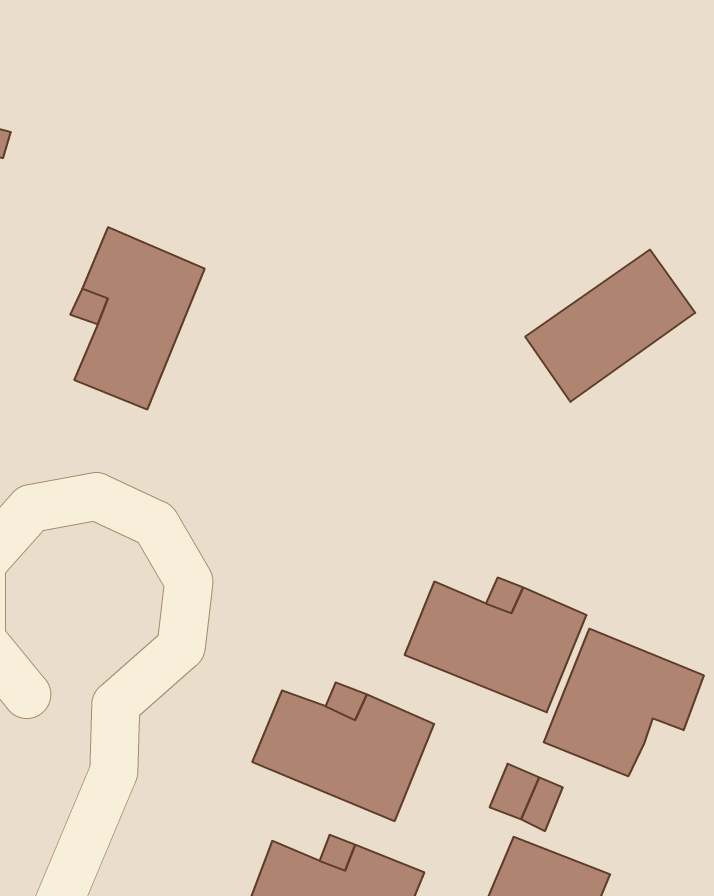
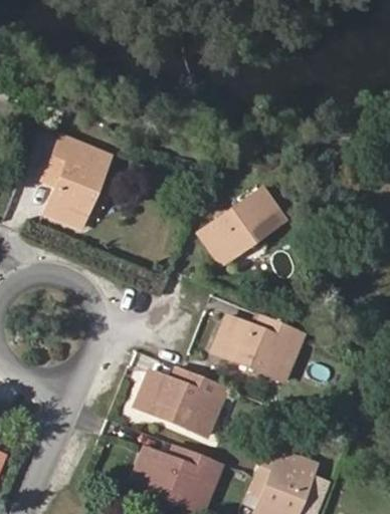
building: [525,250,695,402] -> [199,189,285,266]
building: [544,629,704,776] -> none

